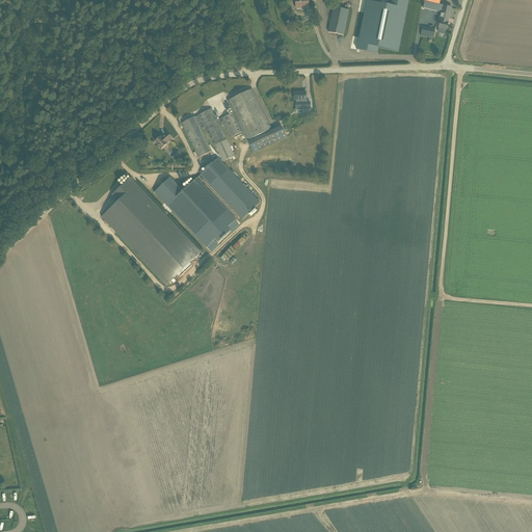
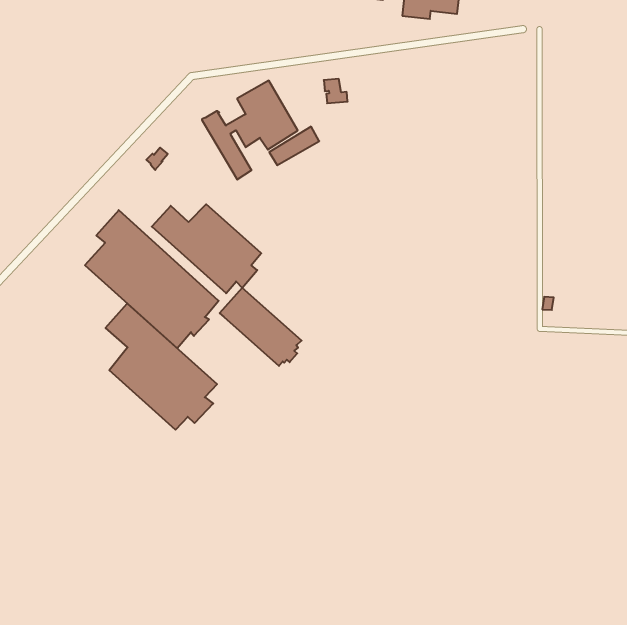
building: [181,113,211,156] -> none
building: [198,157,259,218] -> [220,288,302,366]
building: none -> [106,304,217,430]

